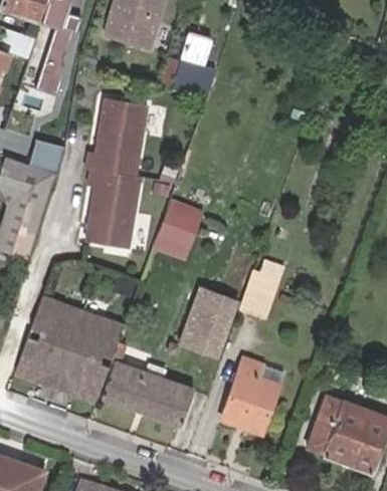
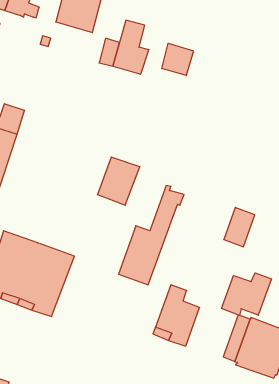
building: [37,26,74,96] -> none
building: none -> [162,43,193,76]
building: [86,99,145,243] -> none
building: [240,270,278,318] -> [224,207,255,247]
building: none -> [221,273,272,315]
building: [102,346,193,427] -> none

